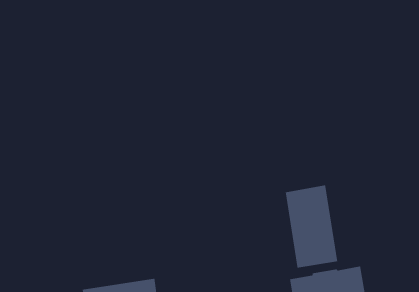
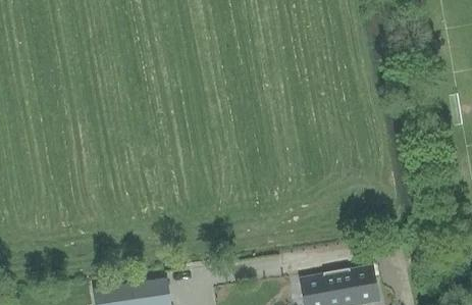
building: [285,184,338,268] -> none

